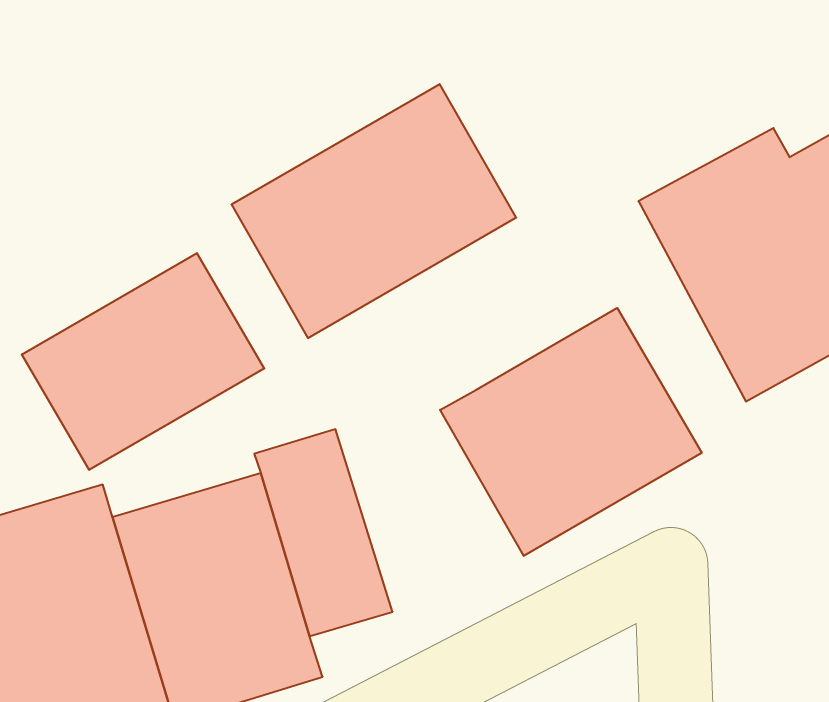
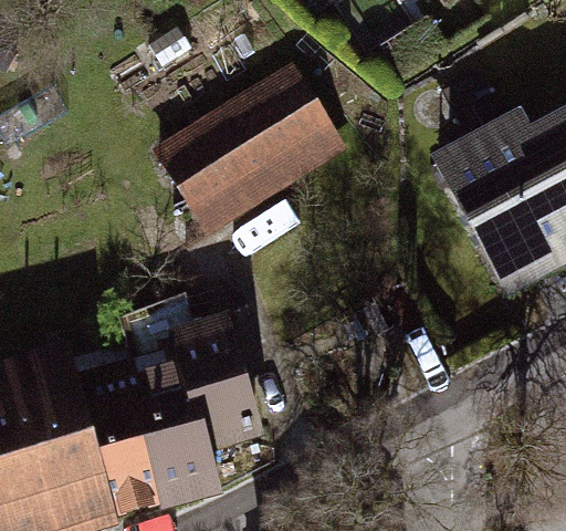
building: [22,253,264,470] -> none
building: [440,308,702,556] -> none

